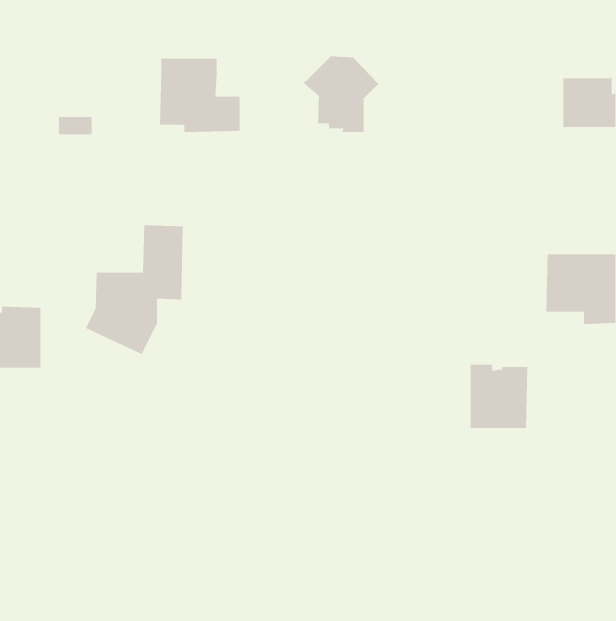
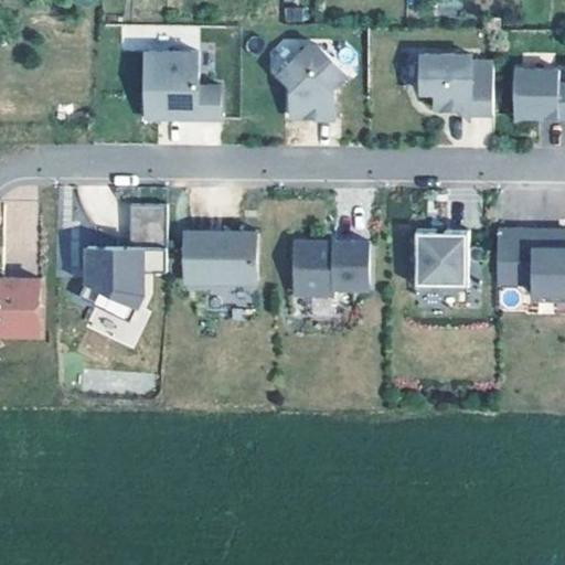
building: none -> [418,55,491,115]
building: none -> [183,232,256,285]
building: none -> [295,239,370,294]
building: [470,364,528,429] -> [416,230,469,288]

